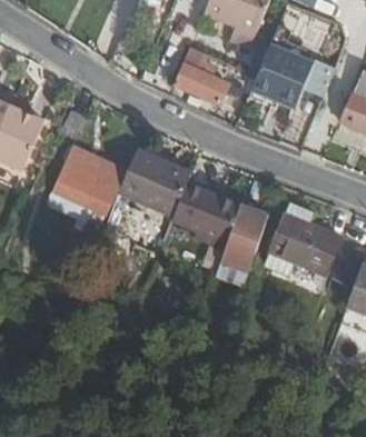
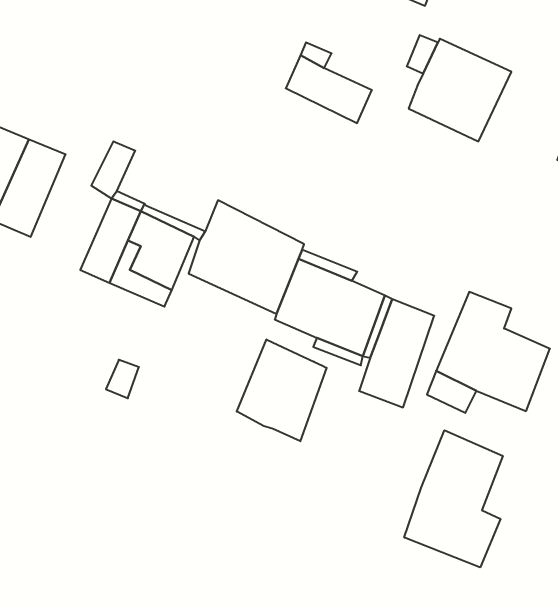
building: none -> [237,339,327,441]
building: none -> [404,430,503,567]

